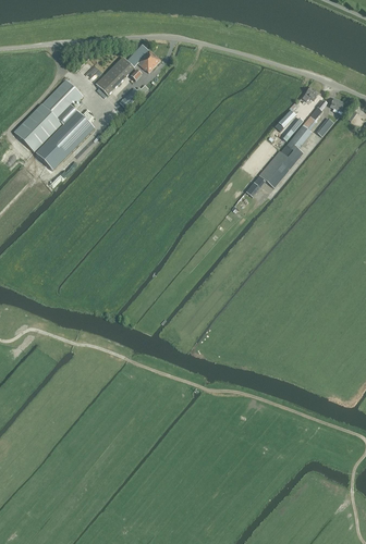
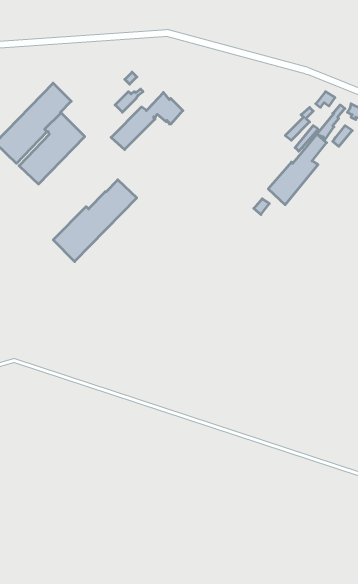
building: [96,44,160,95] -> [111,92,183,150]
building: none -> [53,180,137,262]

